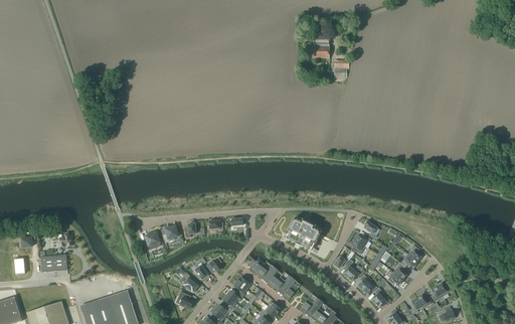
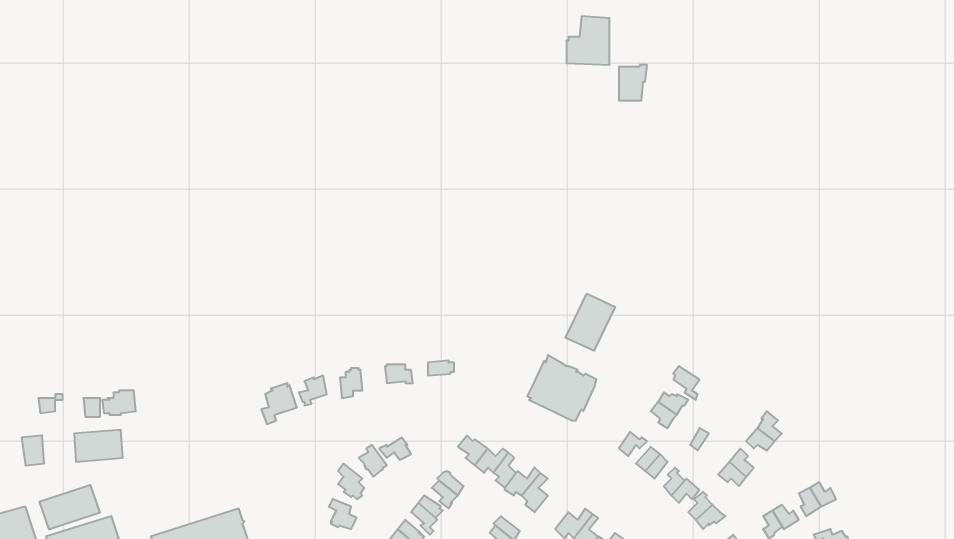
building: none -> [566,294,615,351]
building: none -> [39,485,100,529]

